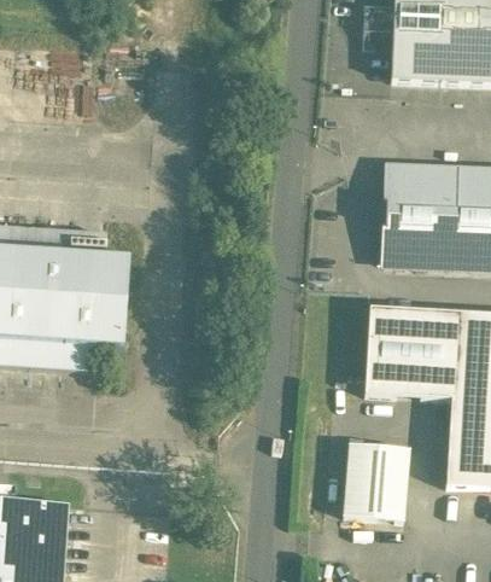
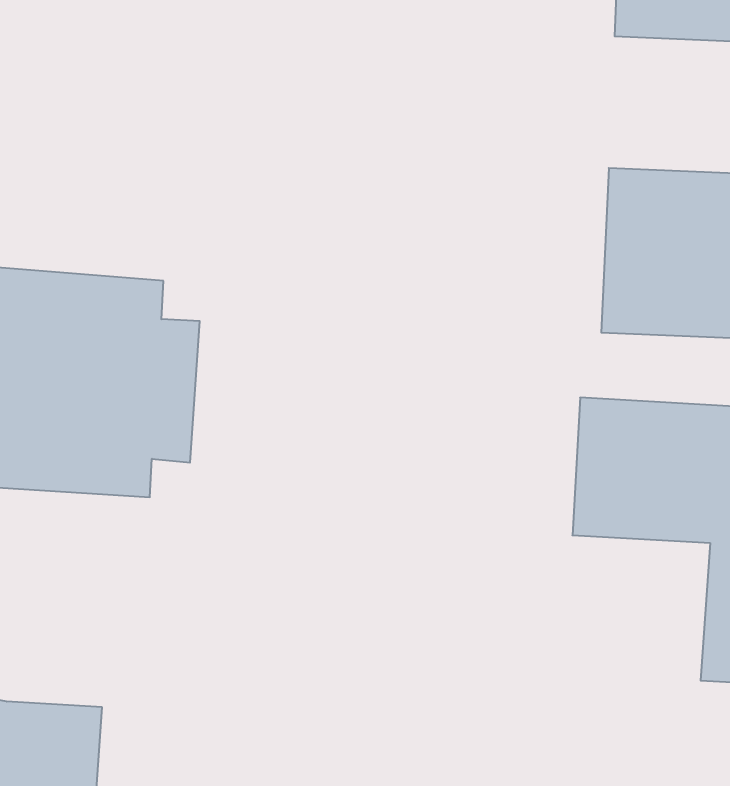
building: [341,443,408,520] -> none

